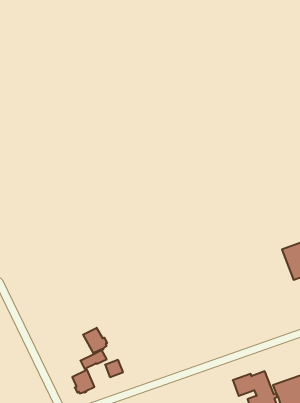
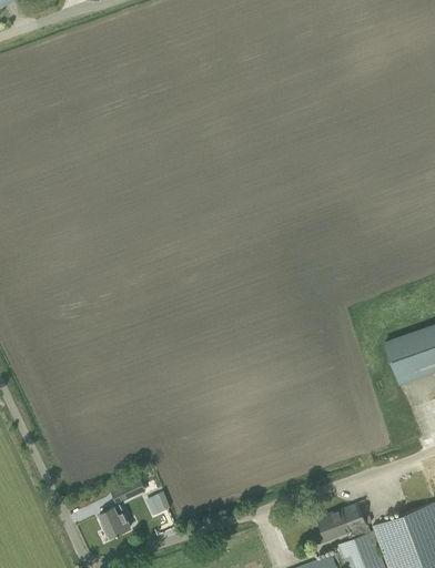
building: [83,328,107,353] -> none

